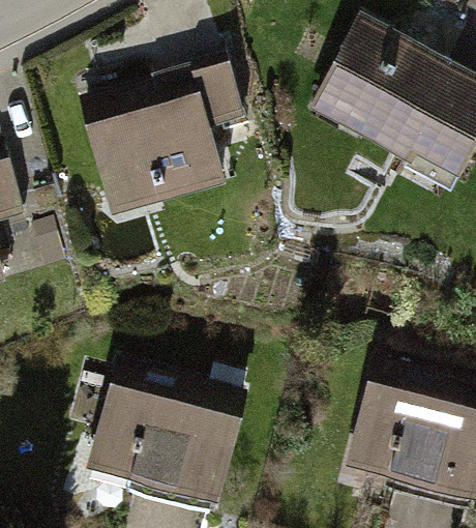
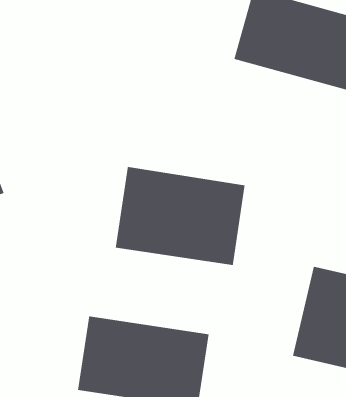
building: [95,66,259,219] -> none
building: none -> [115,166,245,266]

